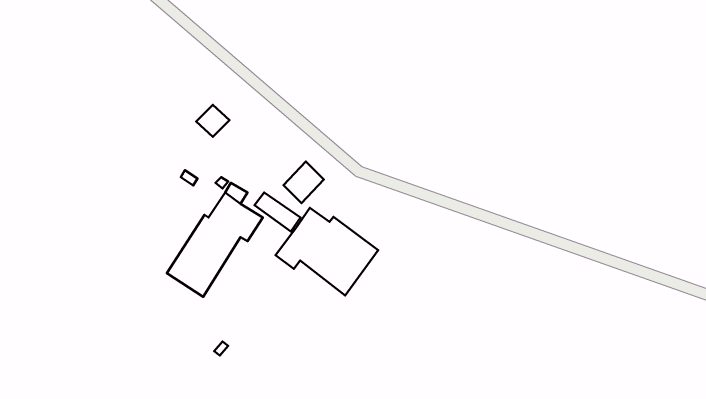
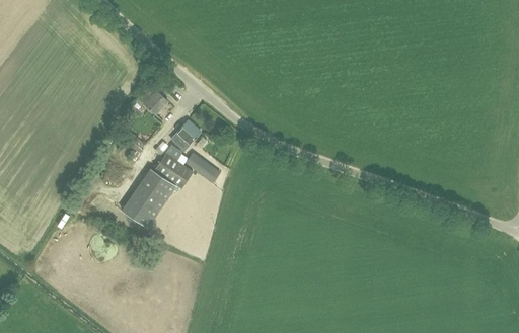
building: [283,161,324,203] -> [170,118,200,149]
building: [276,208,378,295] -> none

